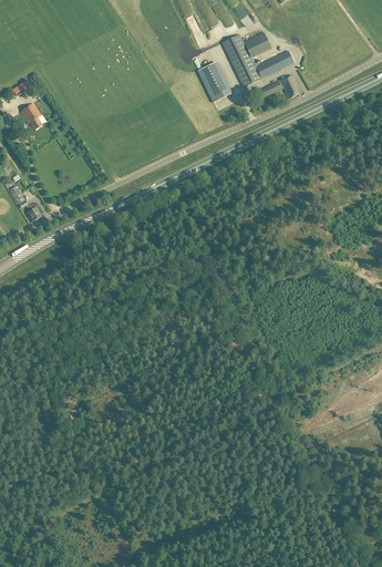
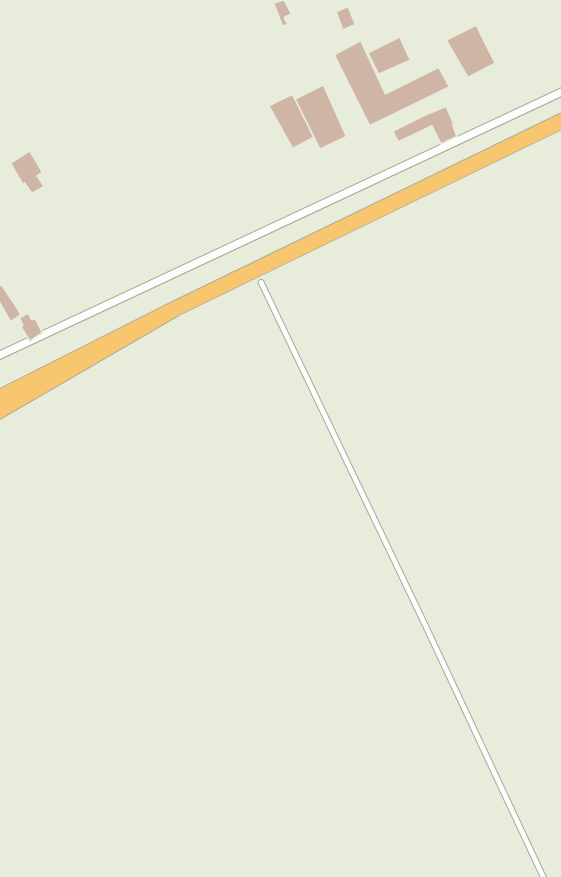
building: none -> [446,25,495,78]
building: none -> [269,94,314,149]

